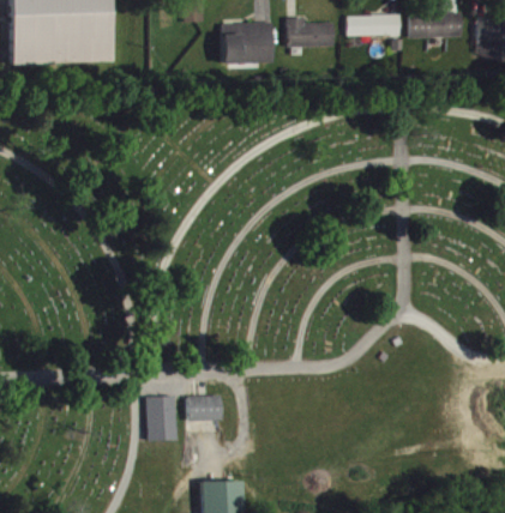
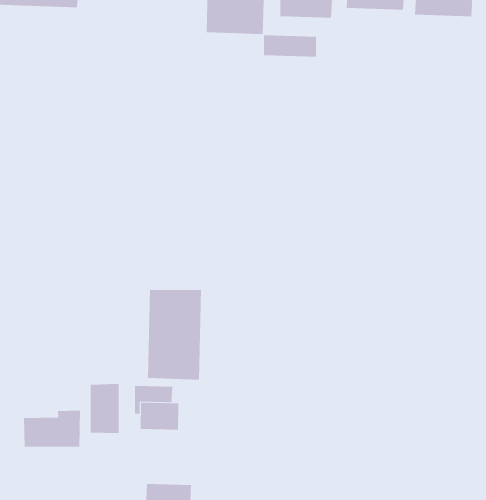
building: none -> [263,35,317,57]
building: none -> [148,289,201,380]
building: none -> [24,410,80,447]

